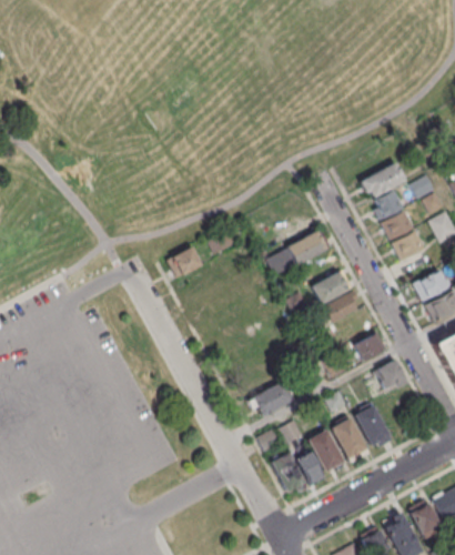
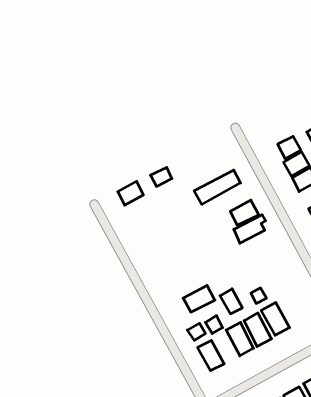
building: [360,163,405,196] -> none
building: [355,332,384,361] -> none
building: [376,360,407,392] -> none
building: [296,451,325,483] -> [220,289,242,314]

